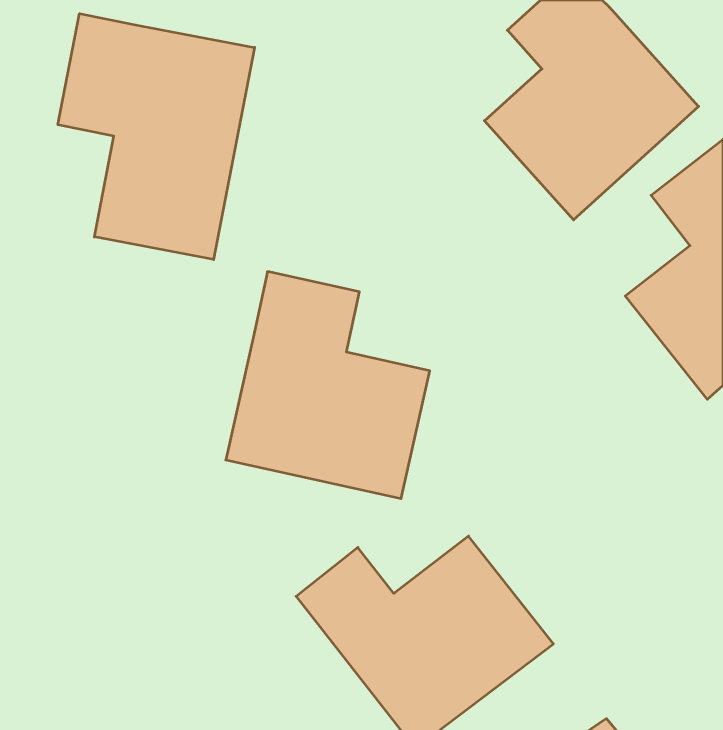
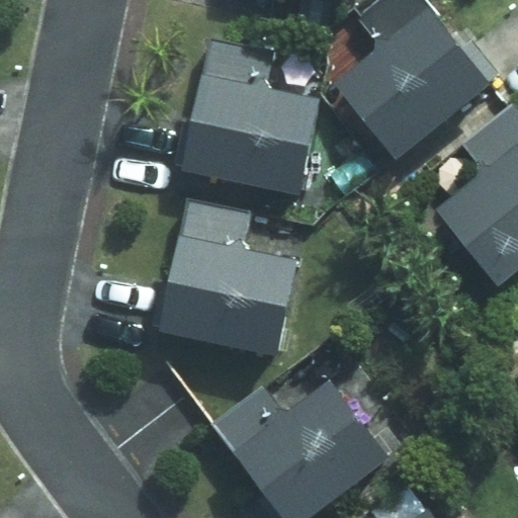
building: [58,14,255,260] -> none
building: none -> [184,40,321,194]

